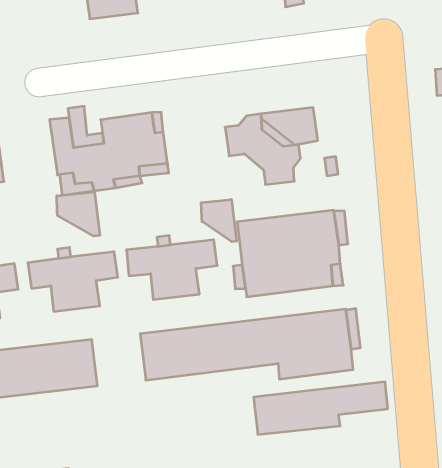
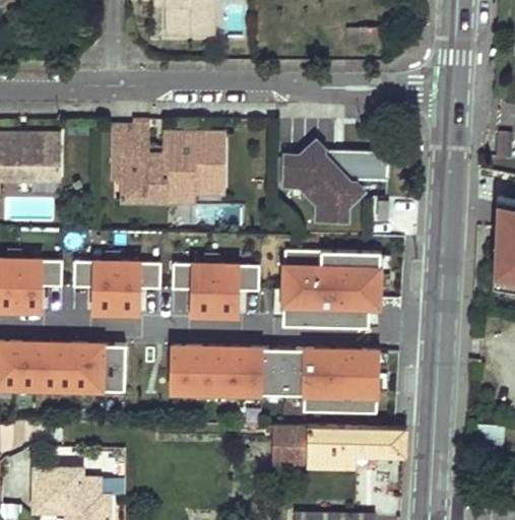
building: [57,192,100,236] -> none
building: [201,199,236,242] -> none

